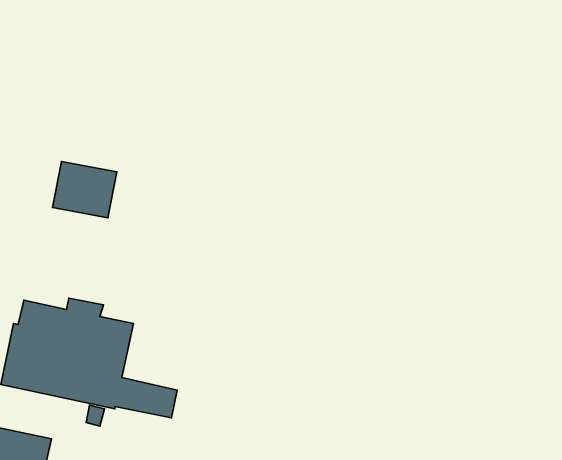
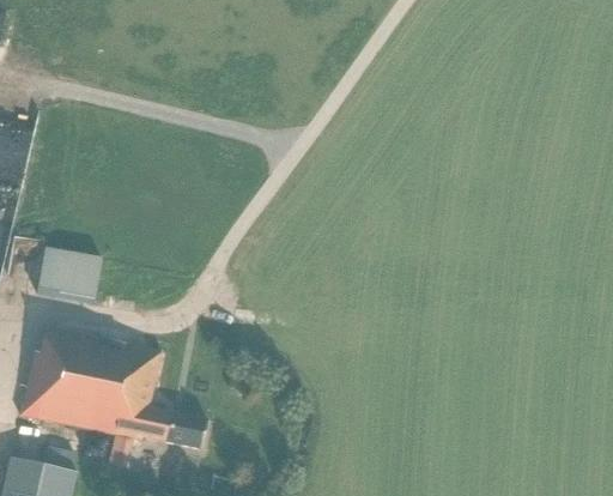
building: [52,161,117,218] -> [35,247,102,306]

